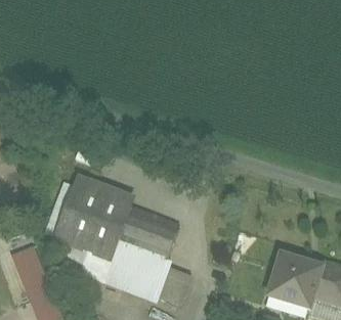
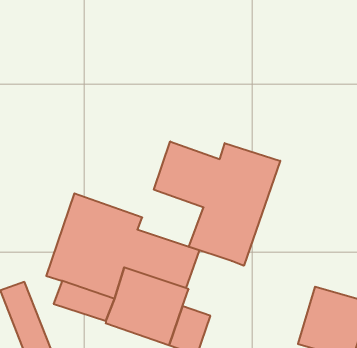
building: none -> [154,141,280,266]

